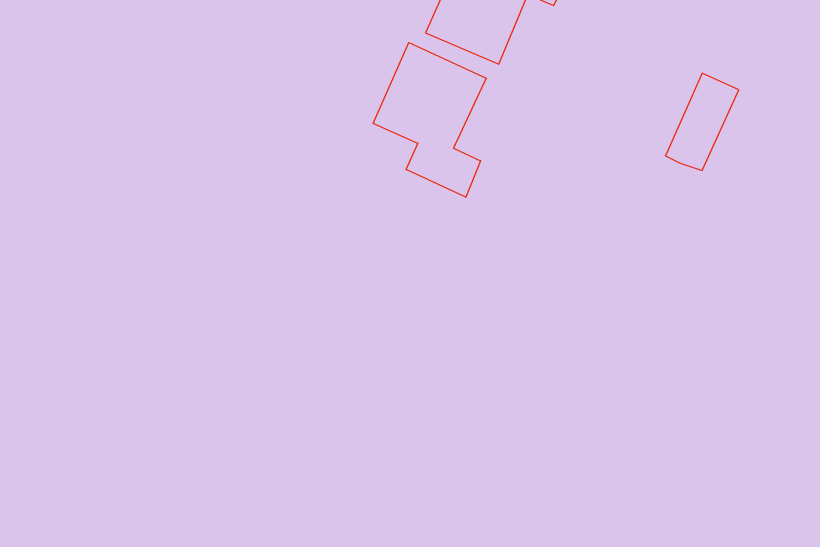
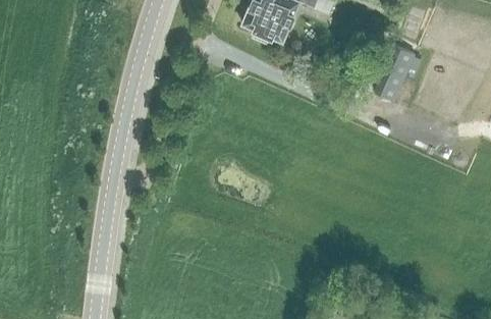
building: [373,43,486,197] -> none

